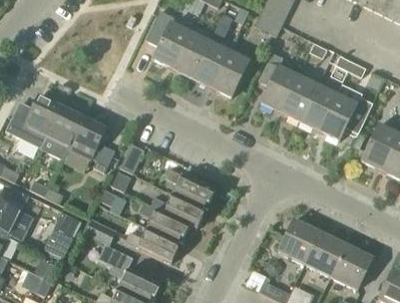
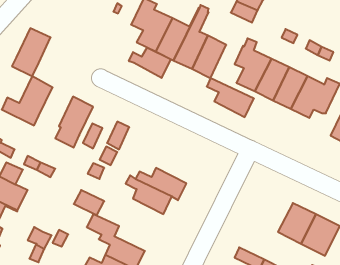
building: none -> [129,47,171,78]
building: [40,106,82,159] -> [12,28,51,76]
building: [164,169,216,211] -> [207,78,254,117]
building: [278,219,321,263] -> none
building: [125,227,180,263] -> none
building: [42,228,73,260] -> none

